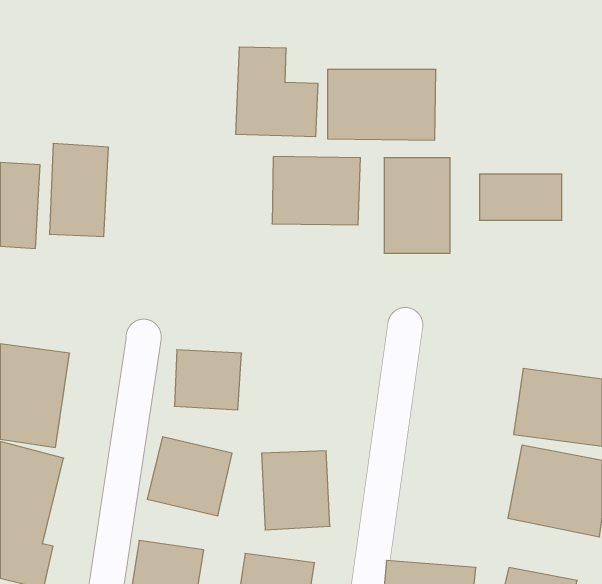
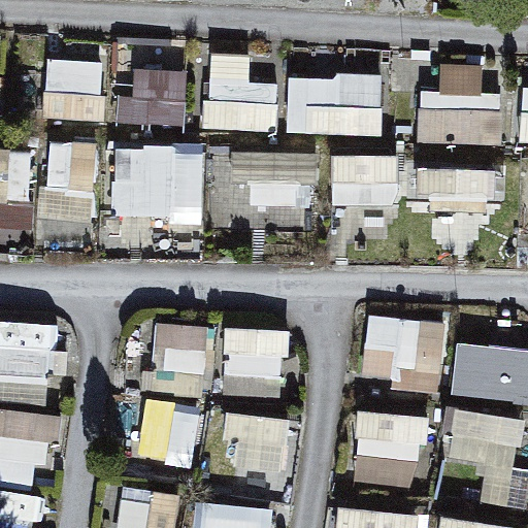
building: none -> [44,59,104,128]
building: none -> [121,69,189,131]
building: none -> [426,69,494,151]
building: none -> [112,144,202,220]
building: none -> [361,315,446,393]
building: none -> [223,324,287,391]
building: none -> [352,410,427,493]

